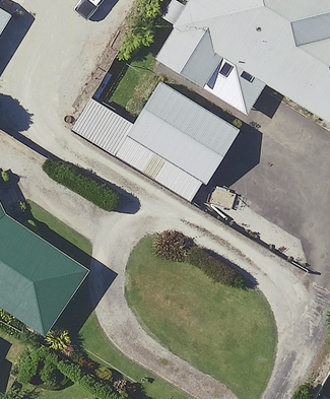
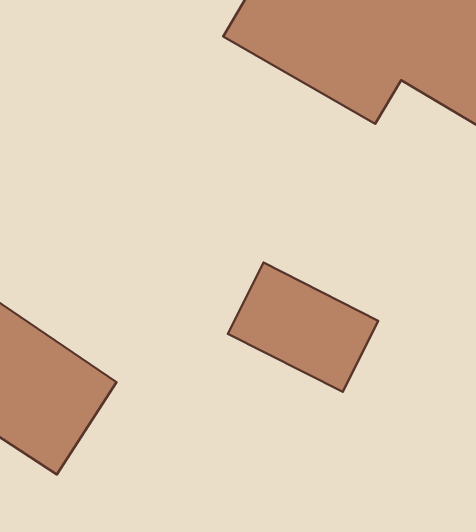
building: [136,89,230,171] -> [228,263,378,392]

